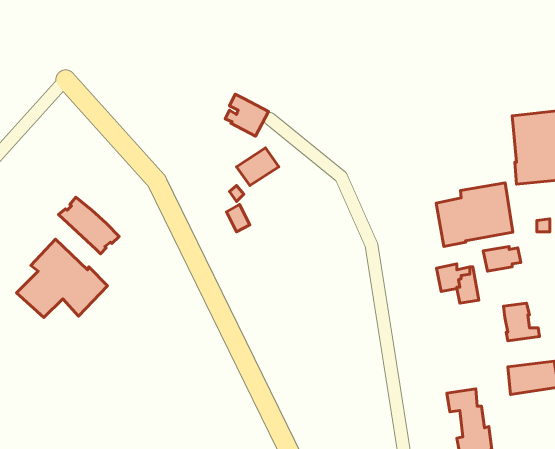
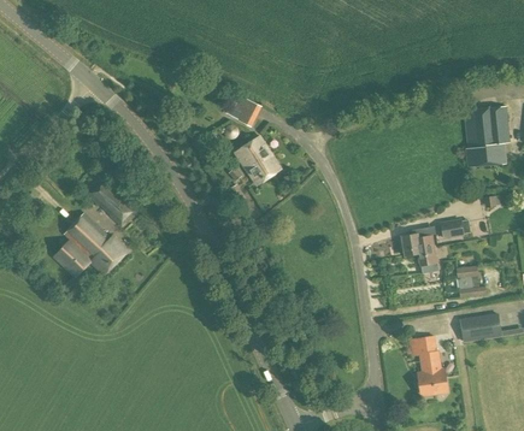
building: none -> [246,152,281,184]
building: [436,183,513,247] -> none

